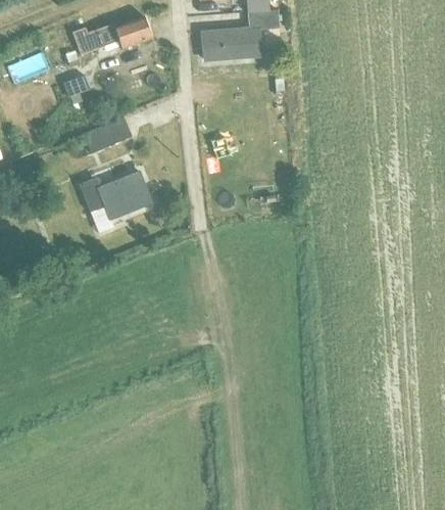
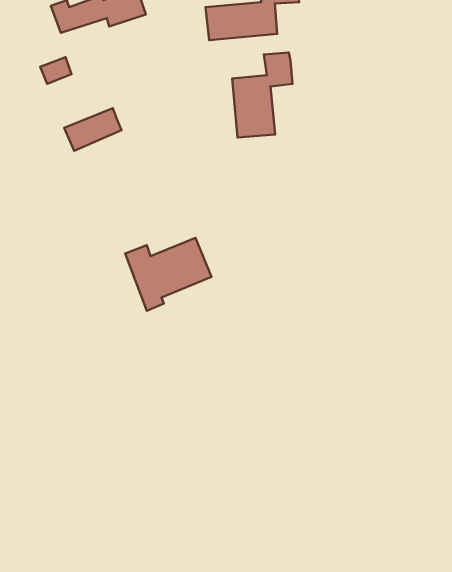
building: none -> [232,52,293,137]
building: [80,170,152,231] -> [125,238,211,311]

